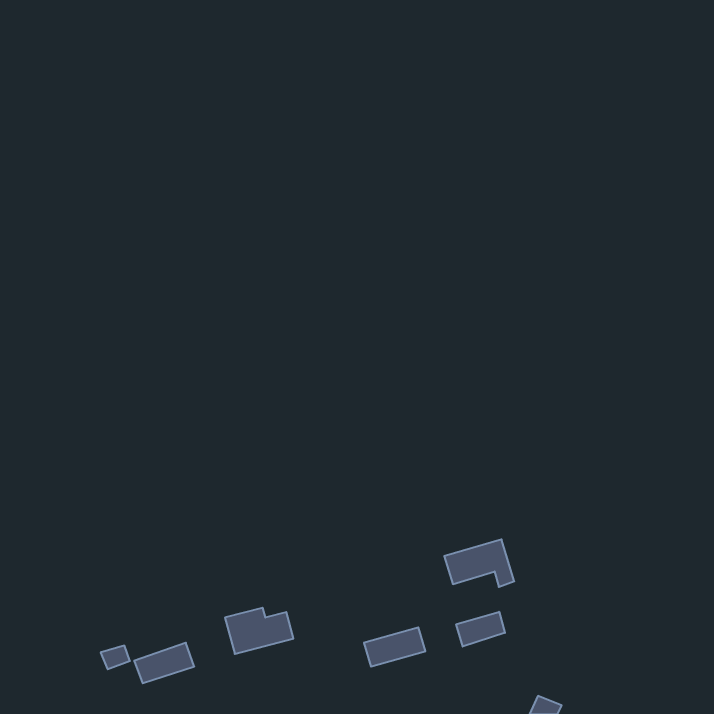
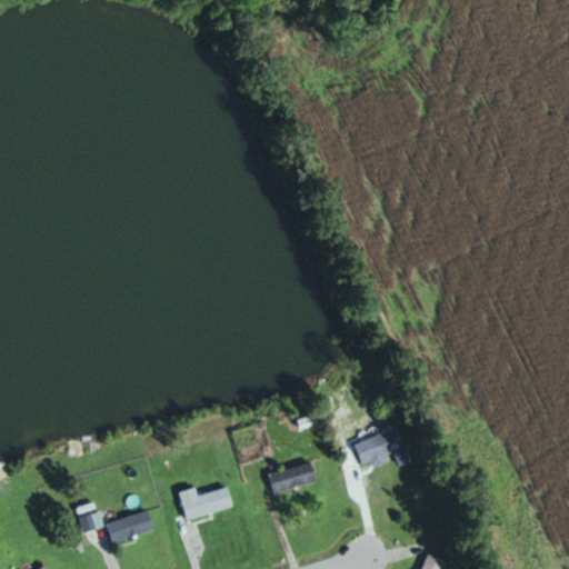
building: [456,612,505,647] -> none
building: [364,627,425,667] -> [267,462,316,493]

